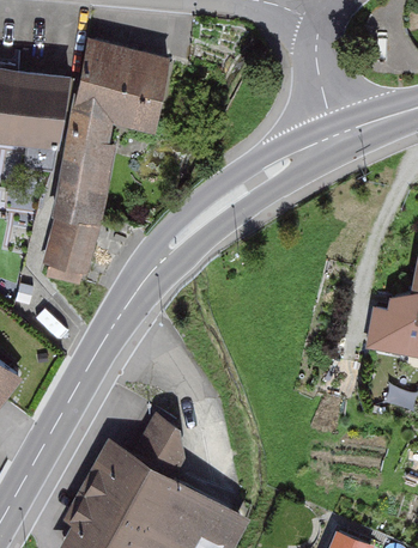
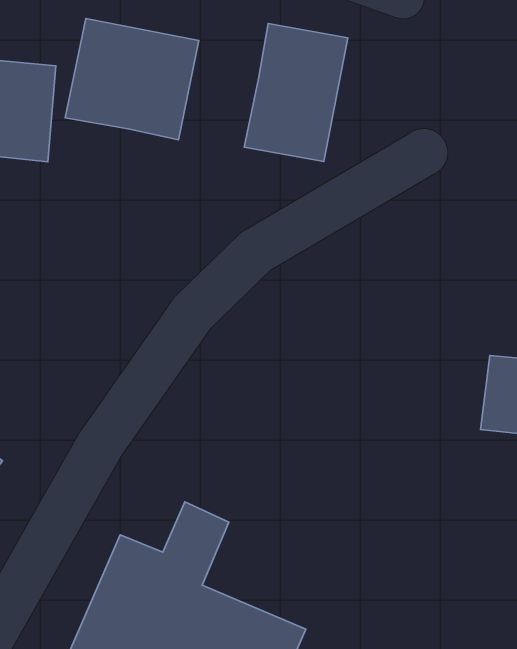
building: none -> [244,24,348,162]
building: [37,116,116,282] -> none

